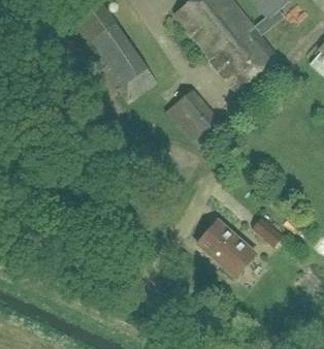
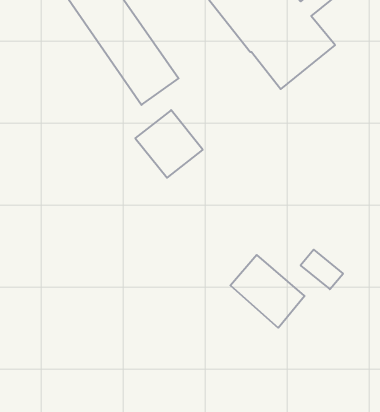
building: [165,89,218,141] -> [135,110,203,178]

